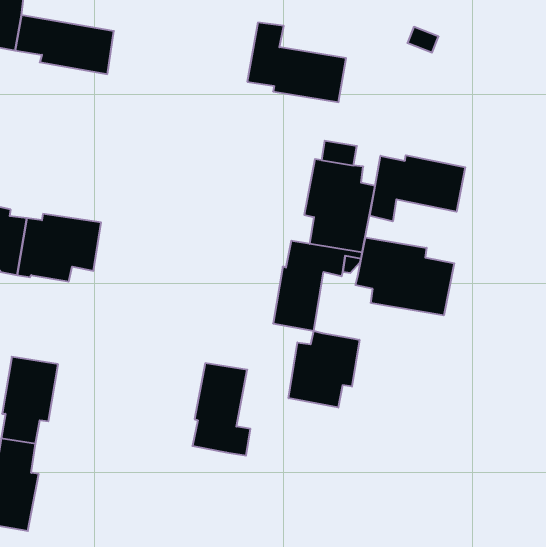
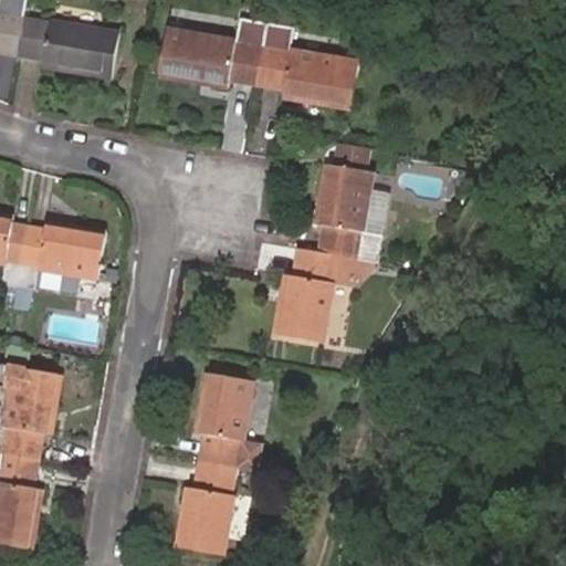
building: none -> [157,19,265,85]
building: [370,155,465,221] -> none
building: [355,237,454,315] -> none
building: [289,331,359,408] -> none
building: none -> [179,459,233,552]

